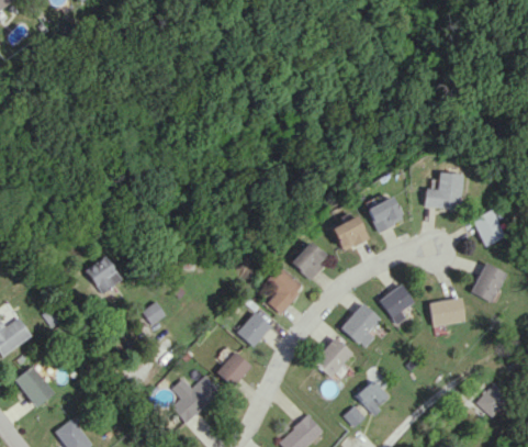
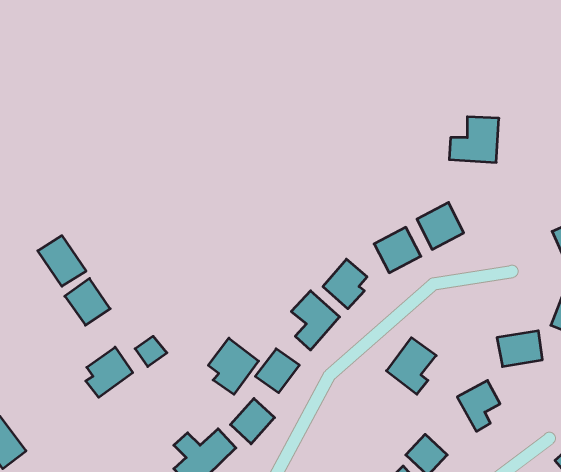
building: [423,172,462,209] -> [449,117,499,162]
building: none -> [38,236,86,286]
building: [379,284,413,325] -> [457,380,500,431]
building: none -> [208,338,259,394]
building: none -> [86,347,133,397]
building: [312,337,352,378] -> none

